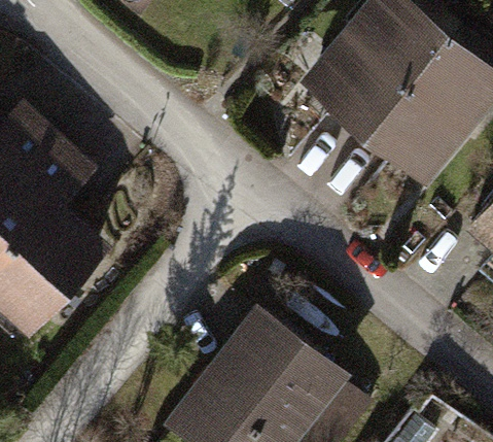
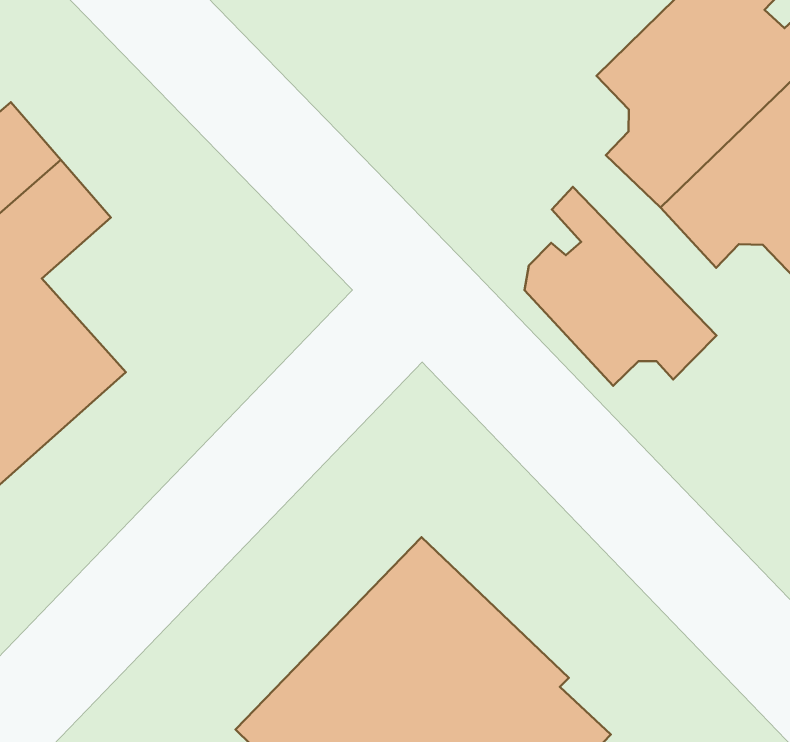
building: none -> [525,187,717,386]

